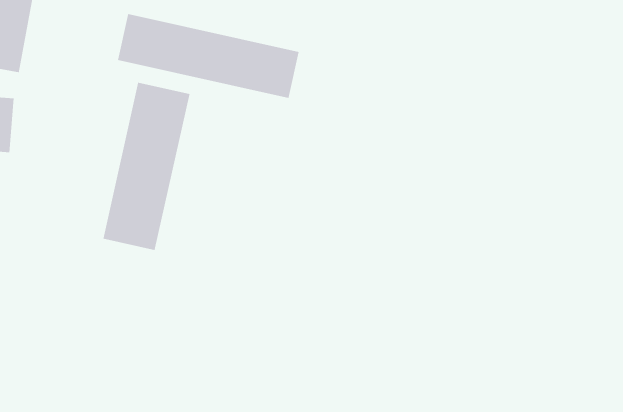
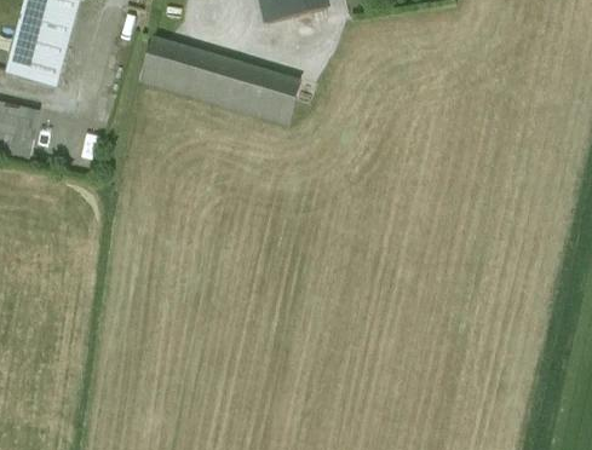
building: [103,82,190,251] -> none

